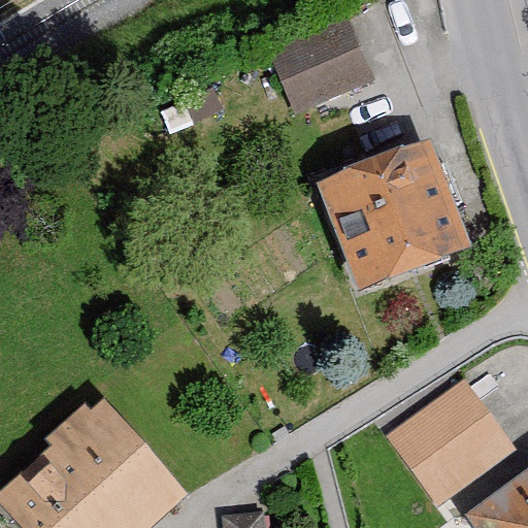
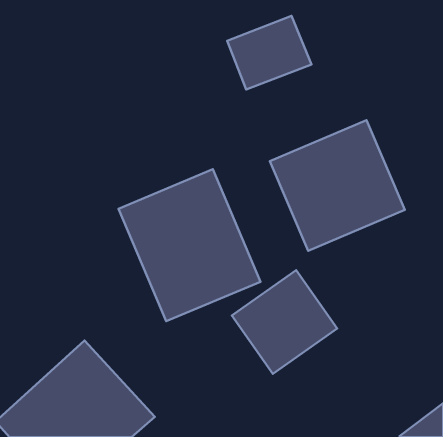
building: none -> [119,169,261,321]
building: [382,380,506,502] -> [232,270,337,374]

